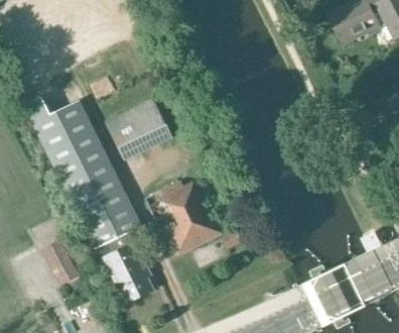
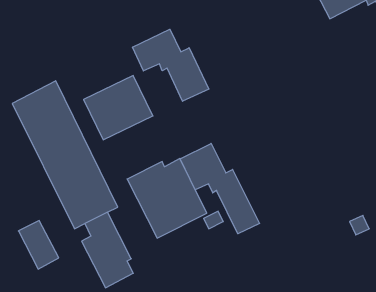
building: none -> [133,29,209,101]
building: none -> [180,143,260,234]

